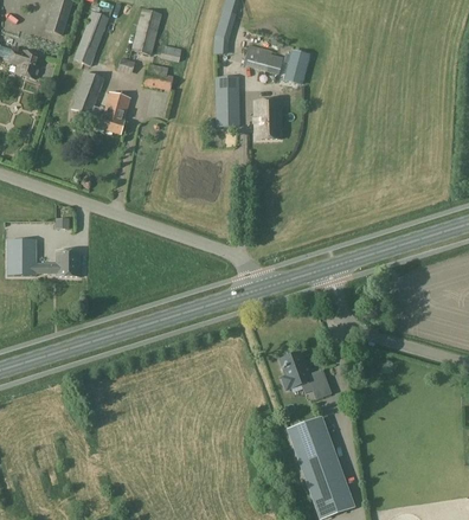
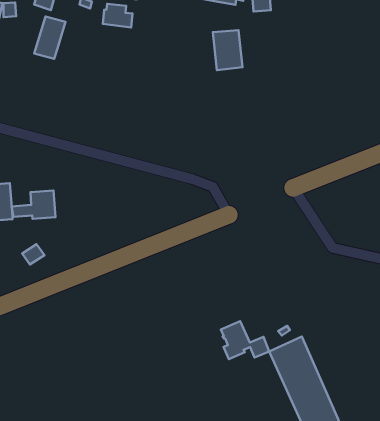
building: [214,76,239,126] -> none
building: [91,91,129,133] -> none
building: [280,351,327,389] -> [221,321,269,359]

